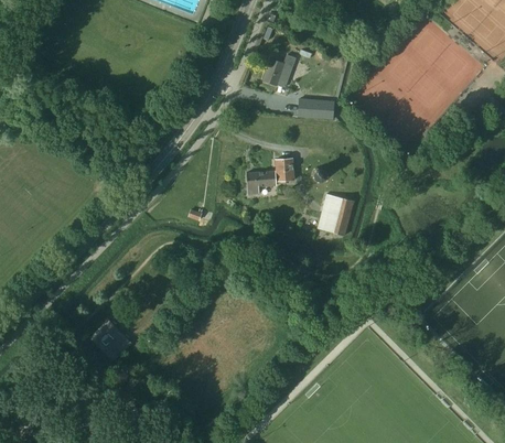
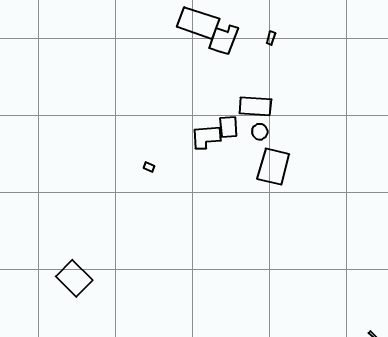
building: none -> [177,7,220,39]
building: [299,99,335,119] -> [239,98,272,115]

